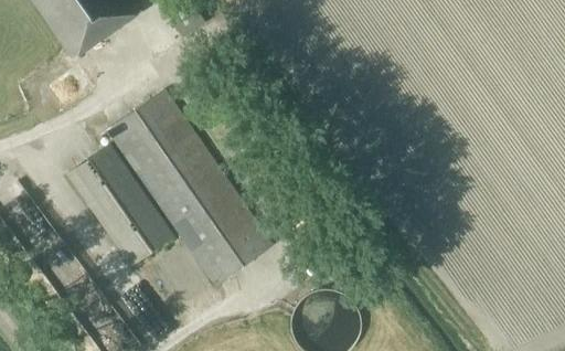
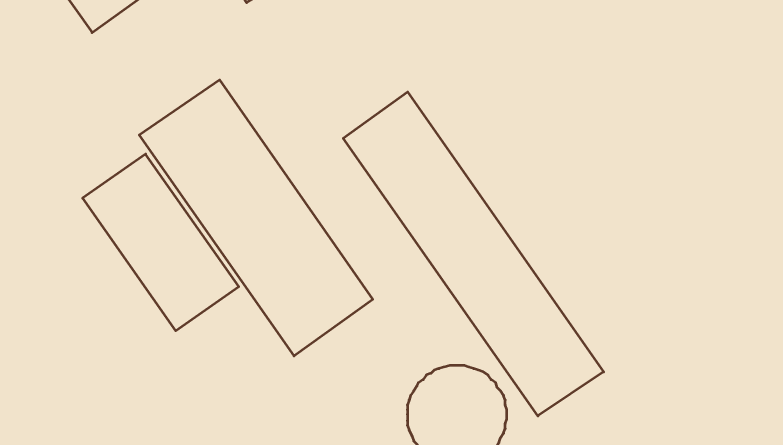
building: none -> [343,92,604,416]

